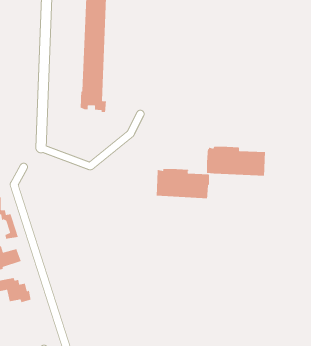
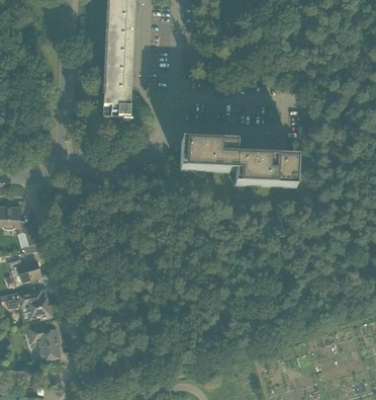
building: [156,167,210,199] -> [180,137,237,170]
building: none -> [27,323,60,358]

